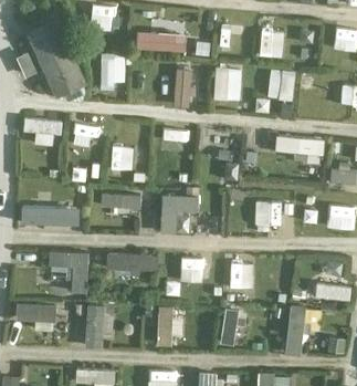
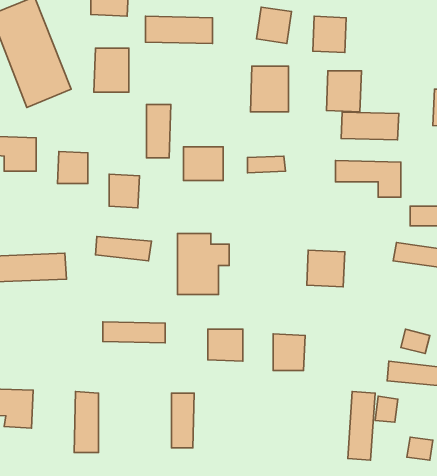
building: [174,70,191,108] -> [146,105,171,158]
building: none -> [341,112,399,140]
building: [49,251,87,293] -> none
building: [218,310,246,346] -> none

